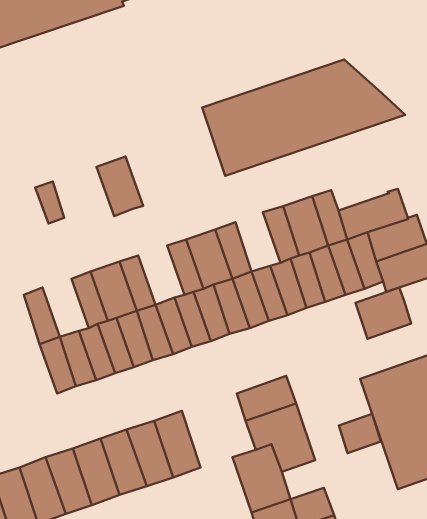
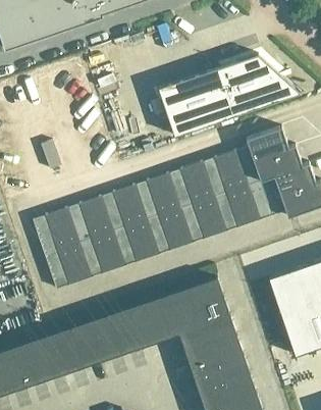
building: [97,157,143,216] -> [113,186,146,227]
building: none -> [247,127,289,161]
building: none -> [181,162,213,204]
building: none -> [46,209,78,250]
building: [356,288,411,339] -> none
building: none -> [144,290,196,342]
building: [339,414,381,453] -> [214,337,244,364]

